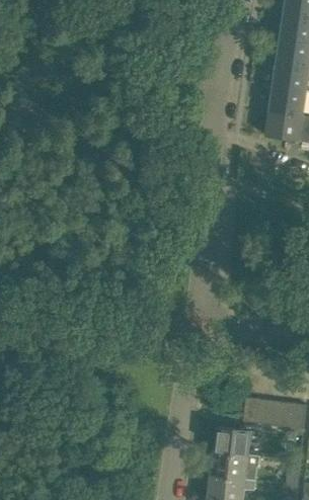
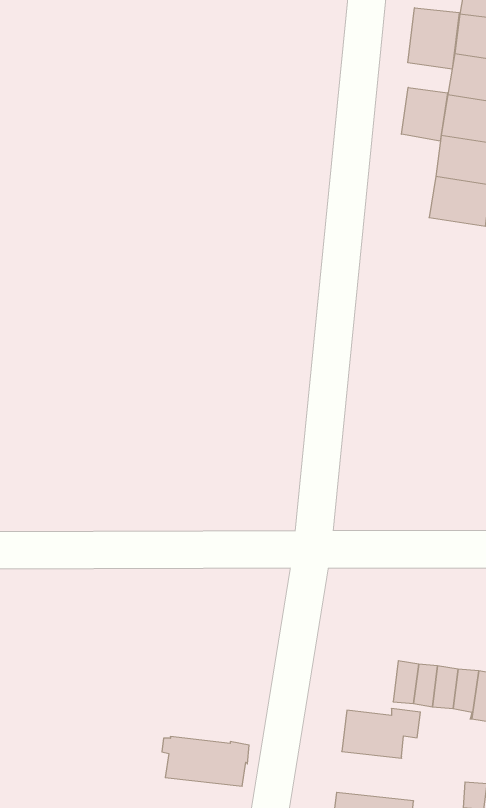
building: none -> [408,8,459,69]
building: none -> [401,87,448,141]
building: [208,451,259,481] -> [162,737,249,786]

